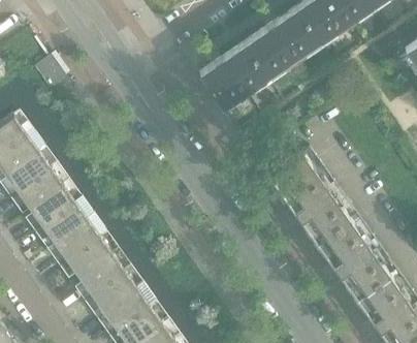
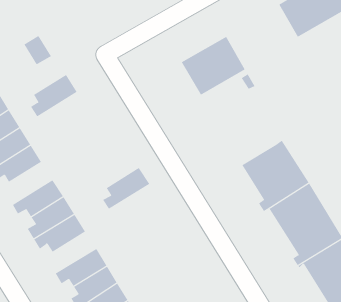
building: [247,10,320,80] -> none
building: [30,188,77,235] -> [30,74,77,117]
building: [78,257,127,303] -> [102,167,150,209]

